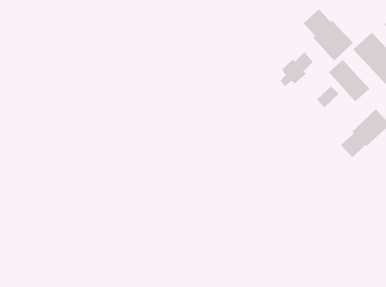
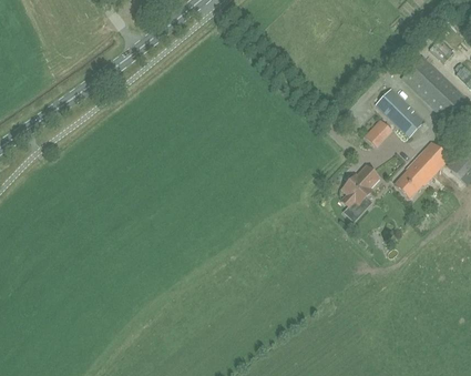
building: [303,8,354,61] -> none
building: [279,51,314,87] -> [340,165,377,206]

